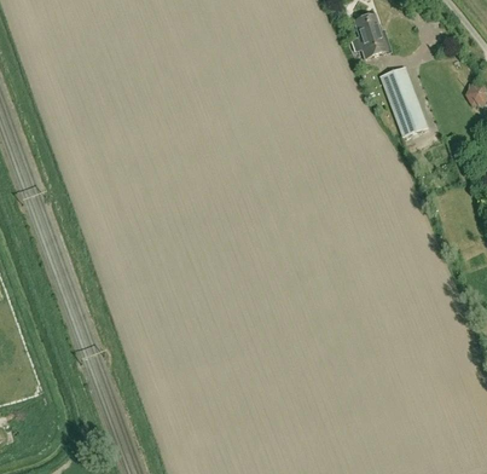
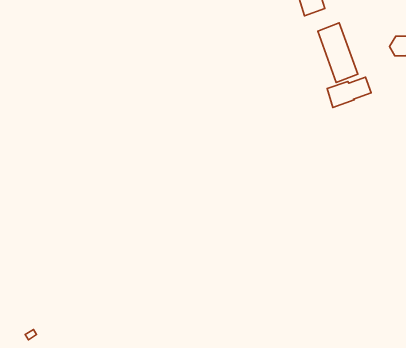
building: none -> [327,77,371,108]

